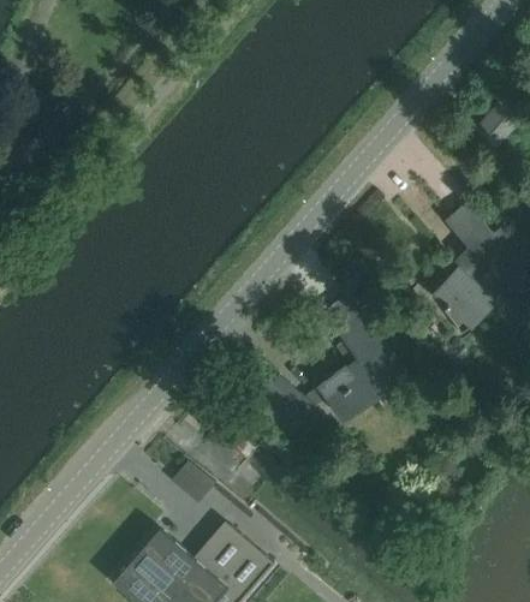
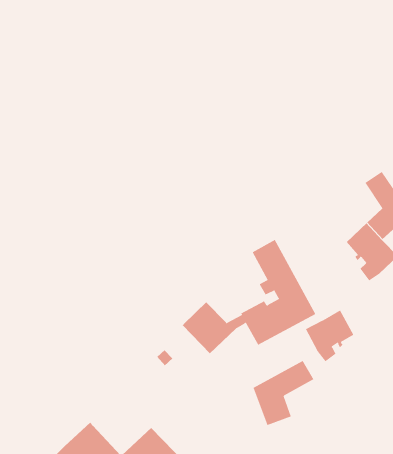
building: none -> [305,310,354,362]
building: none -> [253,360,314,426]

